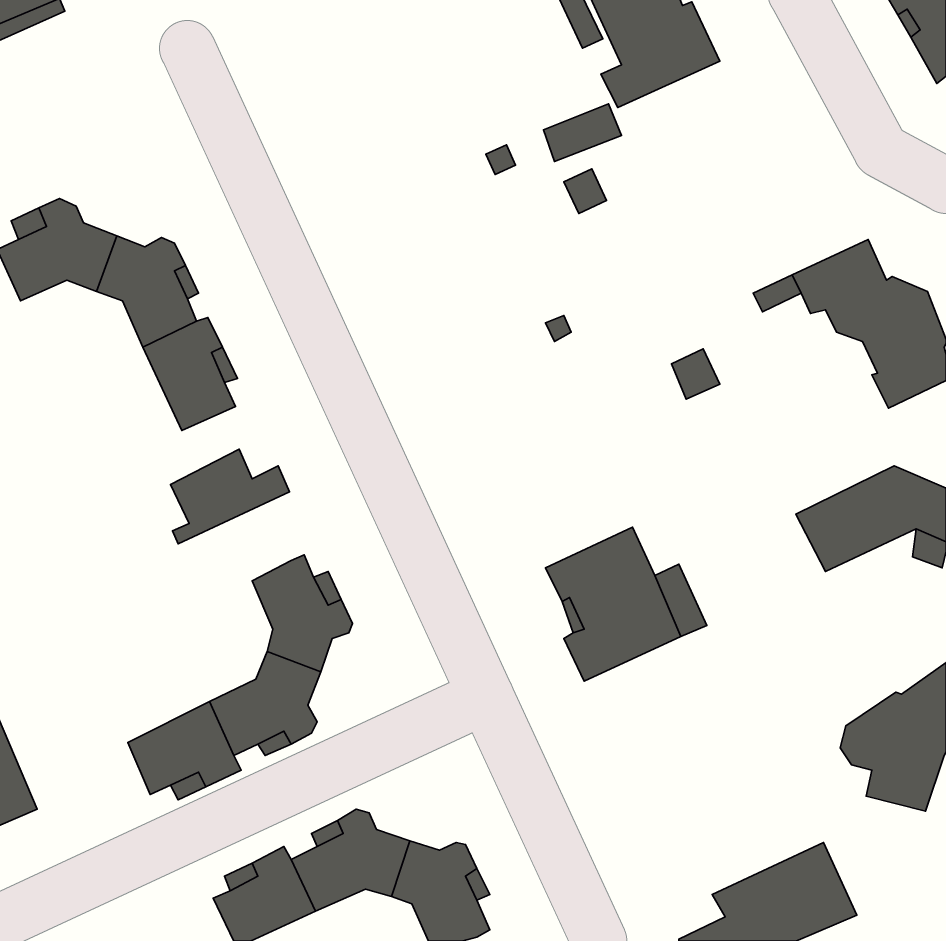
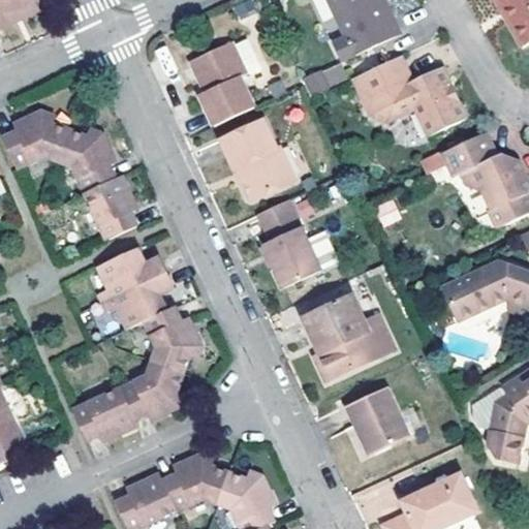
building: none -> [191,42,262,127]
building: none -> [356,58,464,133]
building: none -> [223,121,297,198]
building: none -> [260,198,323,287]
building: none -> [99,274,168,331]
building: none -> [347,383,411,452]

